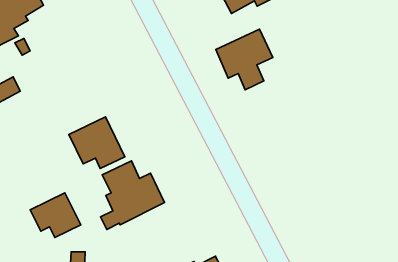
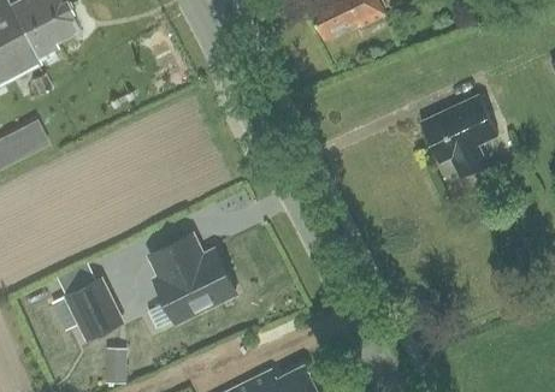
building: [216,29,273,90] -> [424,96,501,178]
building: [69,117,125,168] -> none

